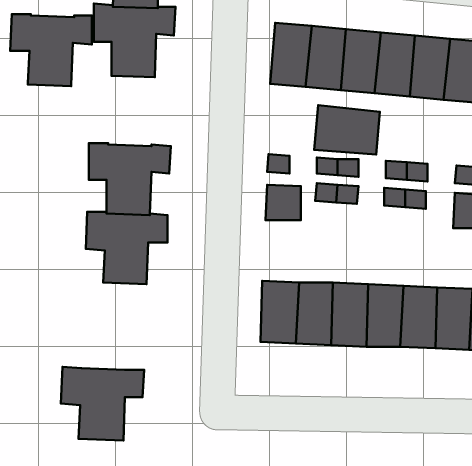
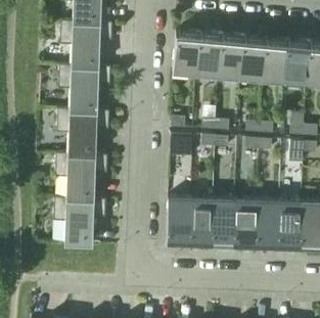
building: [10,14,92,86] -> [58,65,110,111]
building: [314,105,380,155] -> none
building: [61,367,144,440] -> [53,197,106,244]

